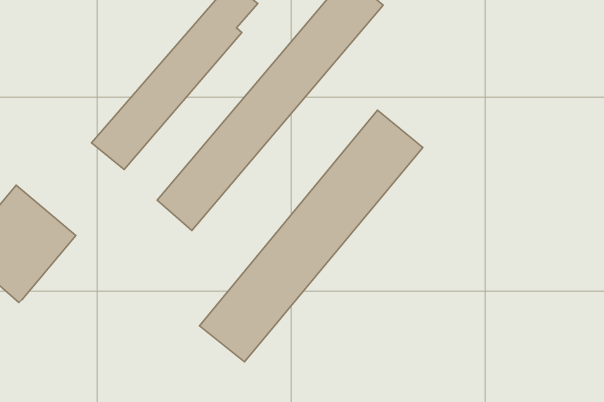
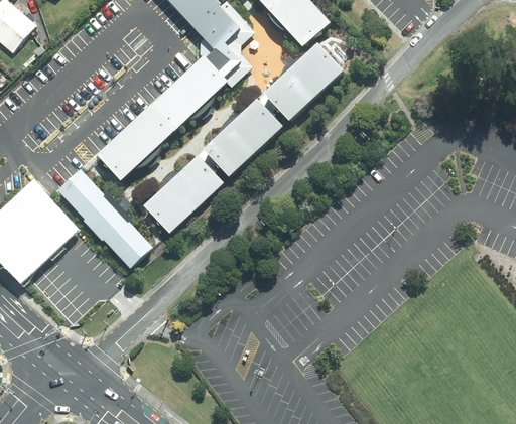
building: [199,110,423,362] -> none
building: none -> [56,169,151,267]

